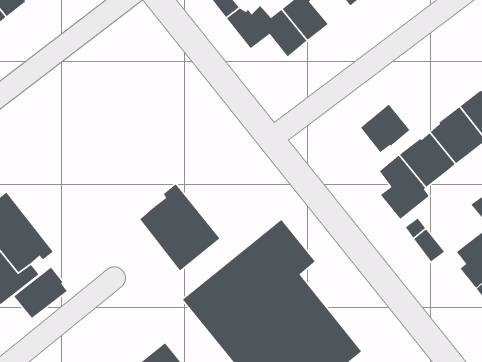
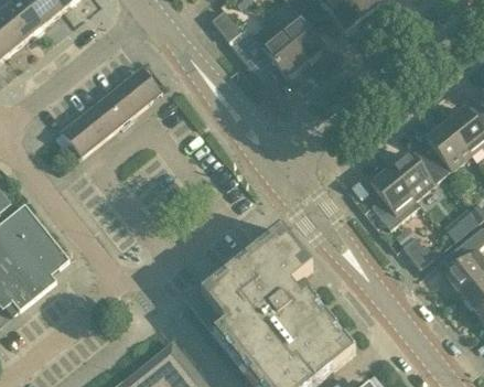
building: none -> [61,66,162,157]
building: [360,104,411,153] -> none
building: [139,183,221,272] -> none
building: [13,267,68,319] -> none

